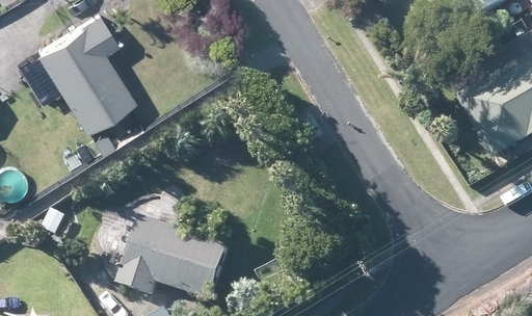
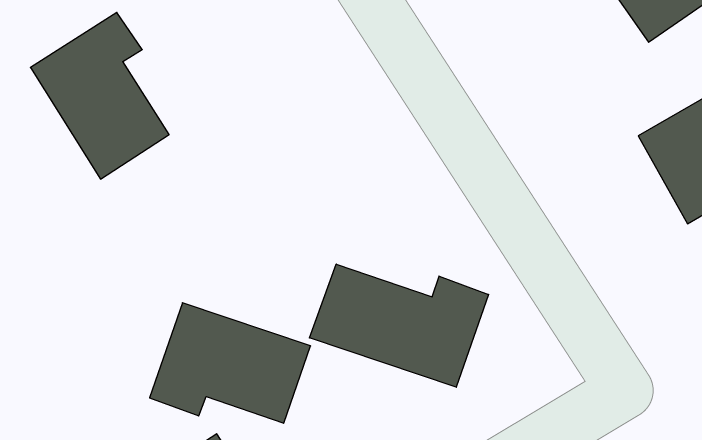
building: none -> [309,264,489,387]

